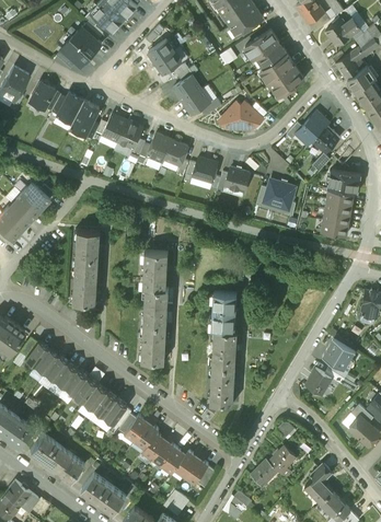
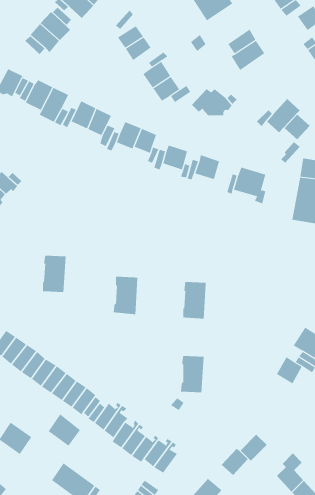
building: [245,31,279,61] -> none
building: [269,68,304,98] -> none
building: [76,231,101,269] -> none
building: [143,253,168,290] -> none
building: [141,325,166,363] -> none
building: [212,330,238,369] -> none
building: [51,449,84,482] -> [48,413,81,447]

